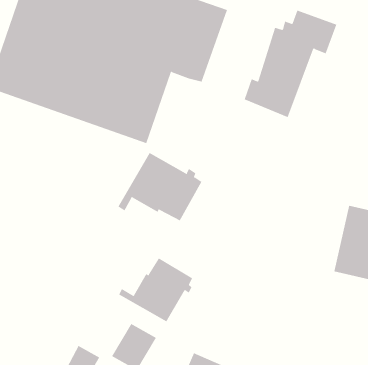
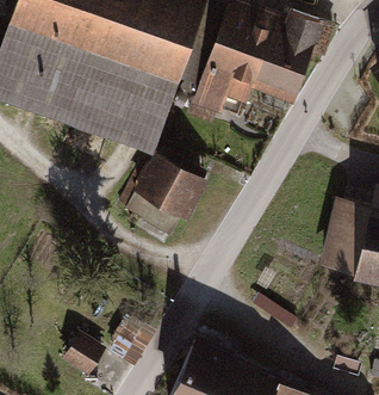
building: none -> [181,13,273,115]
building: [119,258,193,322] -> none

